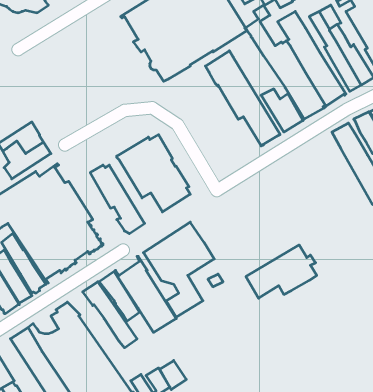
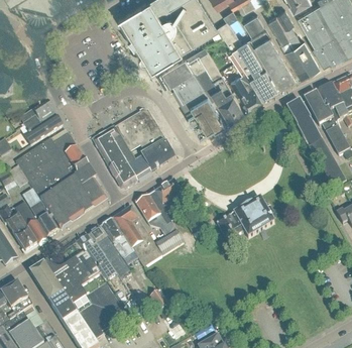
building: none -> [161,54,225,133]
building: none -> [108,129,150,180]
building: none -> [75,234,116,279]

